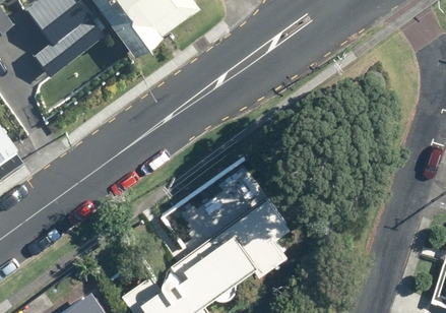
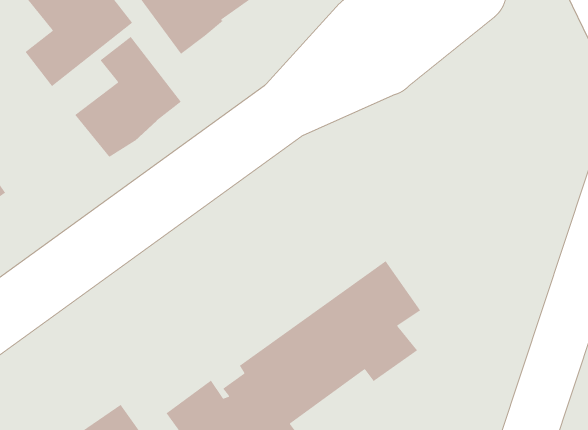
building: none -> [74,36,182,158]

